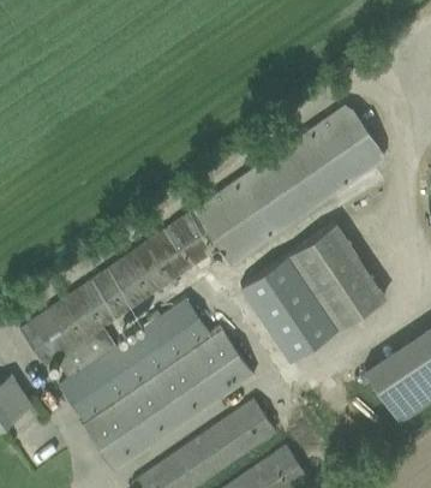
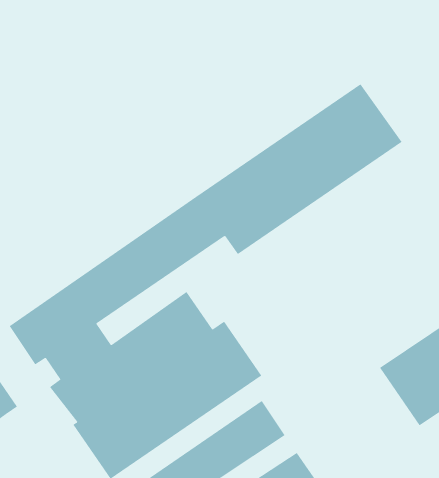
building: [243,224,385,361] -> none

